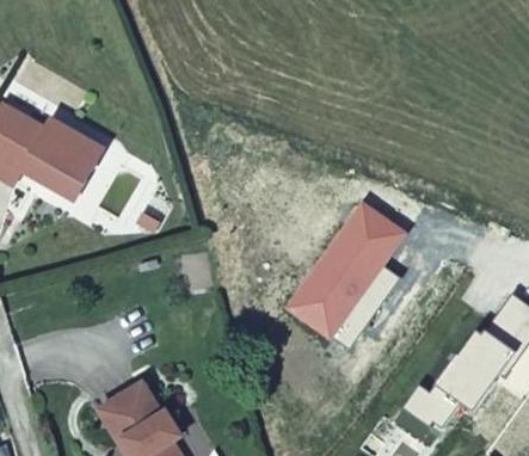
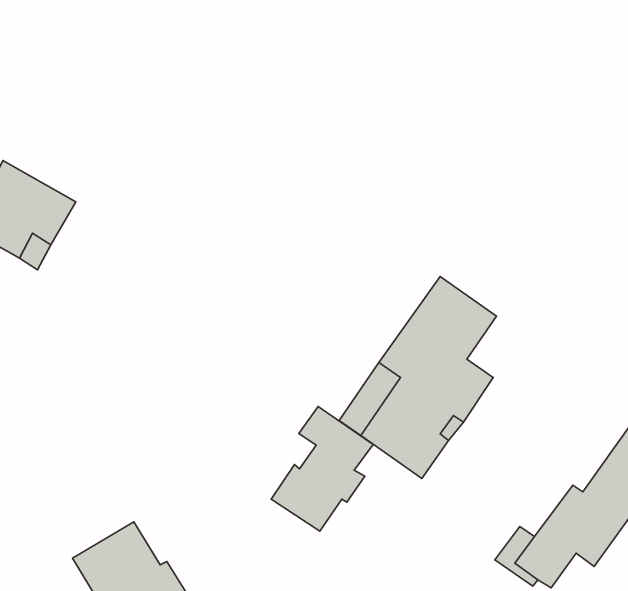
building: none -> [271,406,373,531]

